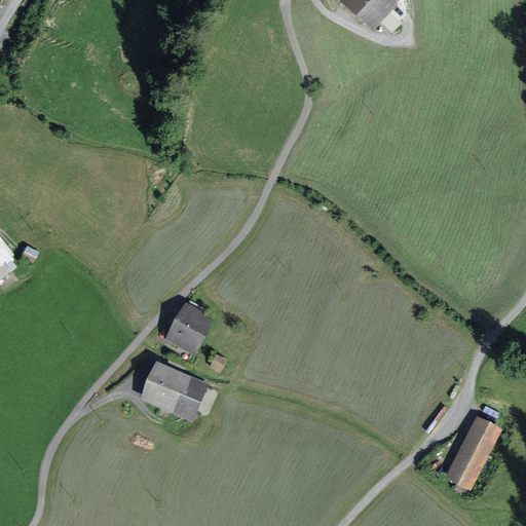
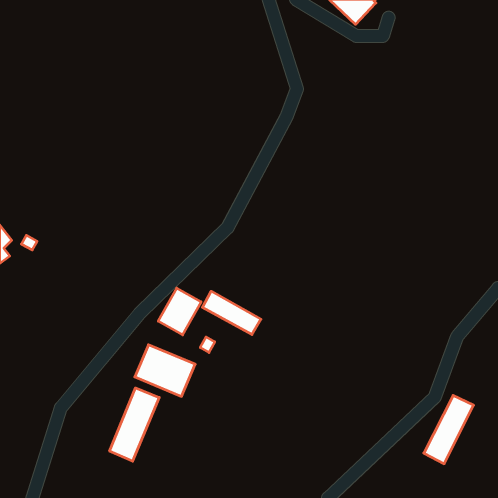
building: none -> [202,291,261,335]
building: none -> [110,388,159,461]

